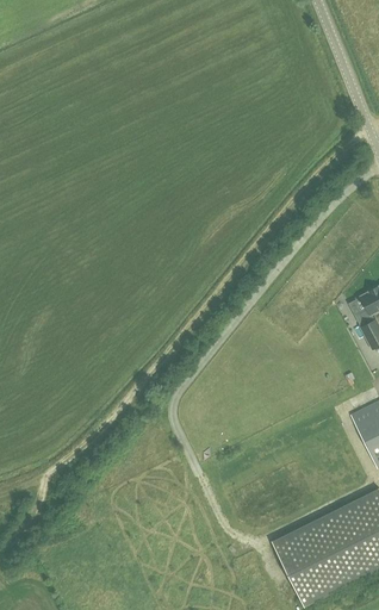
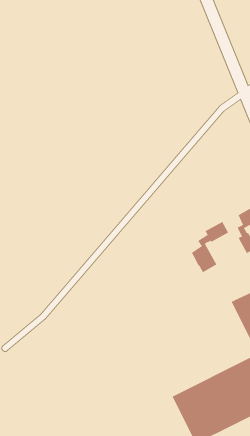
building: none -> [191,221,229,273]

